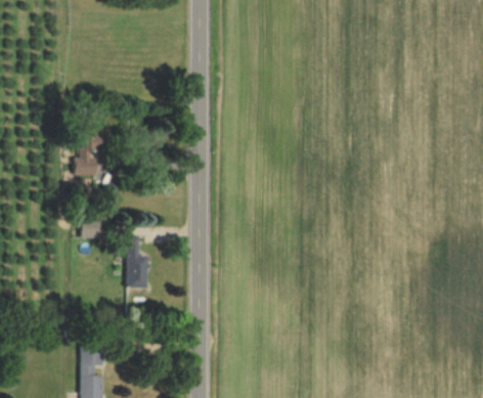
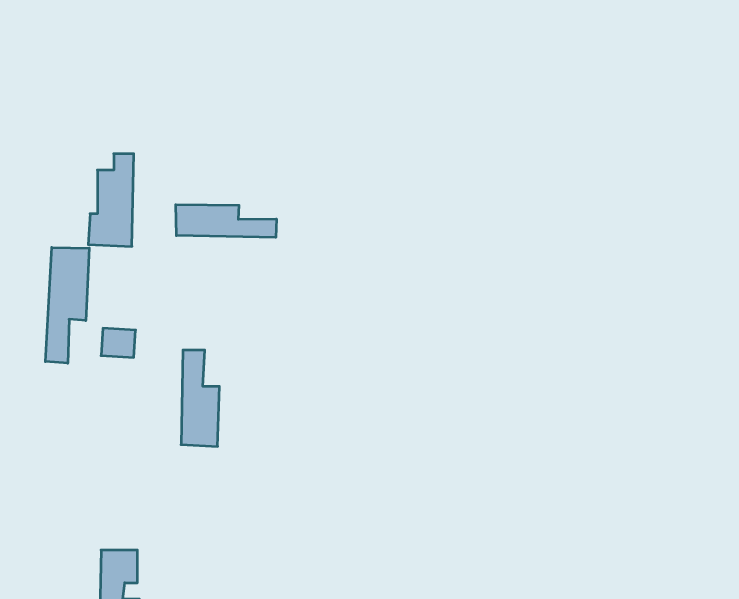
building: none -> [176,205,276,237]
building: none -> [45,247,89,363]

